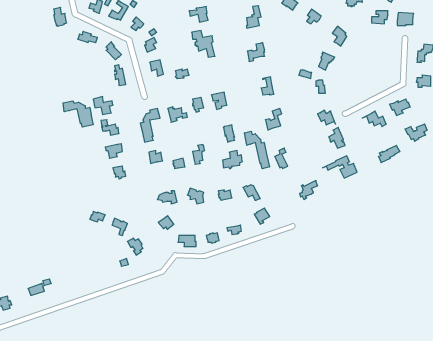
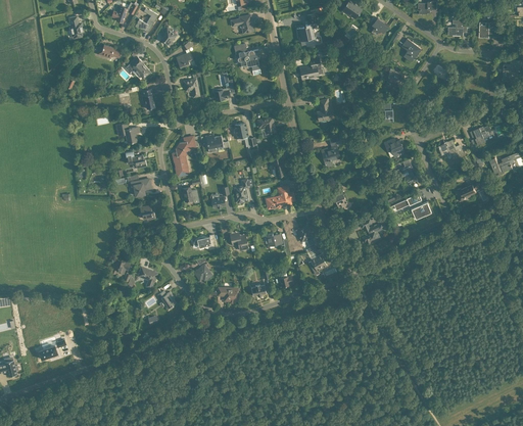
building: [63,101,93,127] -> none
building: [245,131,269,169] -> none

